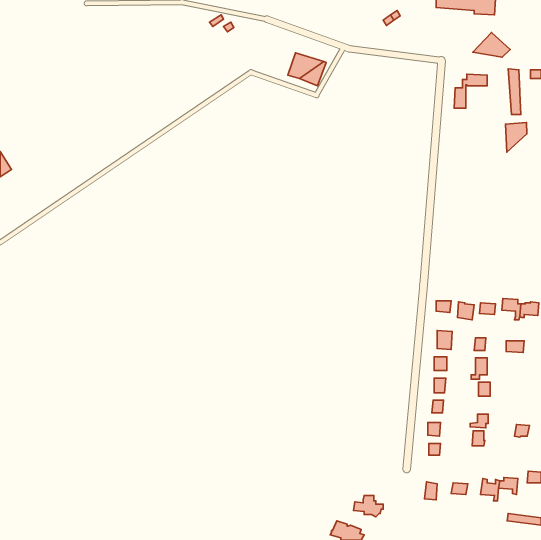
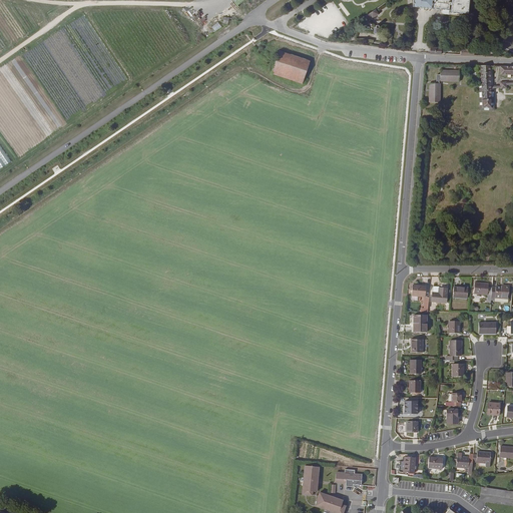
building: [473,33,510,57] -> none
building: [506,122,527,152] -> none
building: none -> [301,465,317,494]

